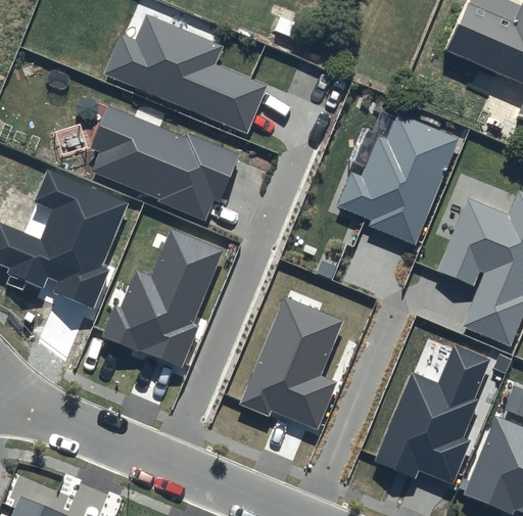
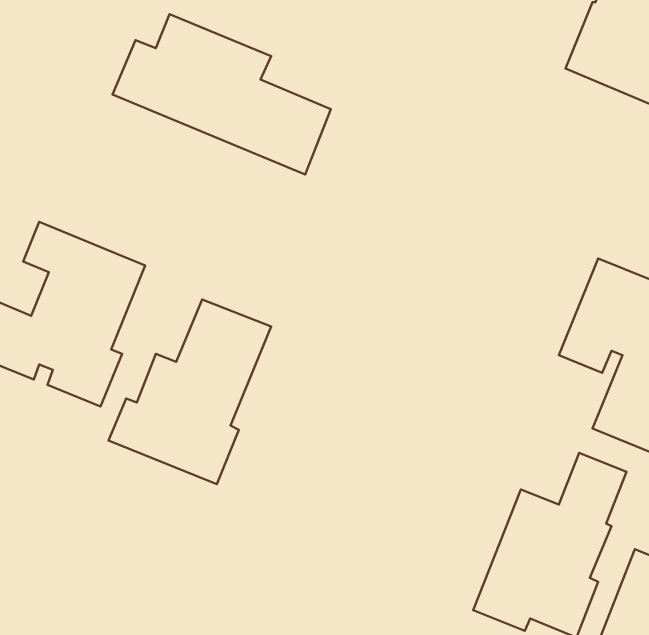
building: [90,105,241,221] -> none
building: [337,113,459,245] -> none
building: [240,296,342,428] -> none

